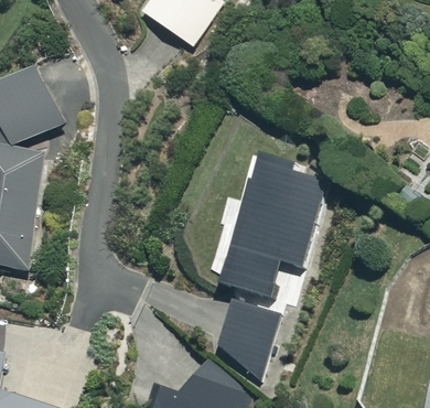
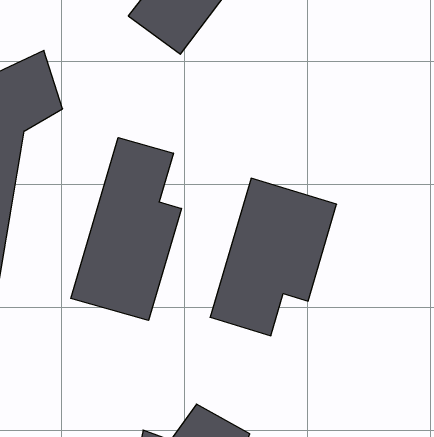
building: none -> [71,138,181,320]
building: [216,302,279,382] -> none

